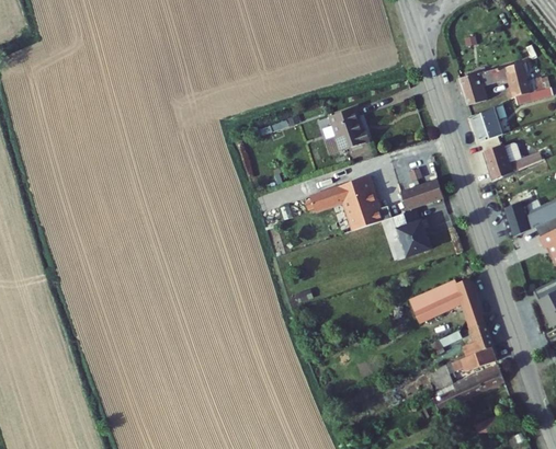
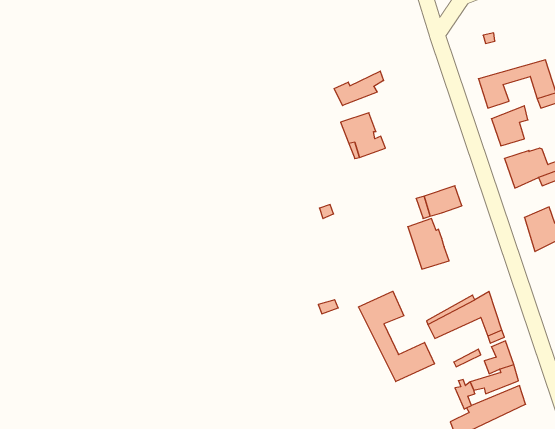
building: none -> [334,71,384,106]
building: [330,174,392,230] -> none
building: none -> [358,291,434,382]

